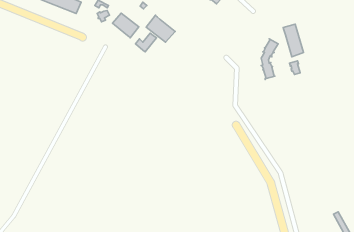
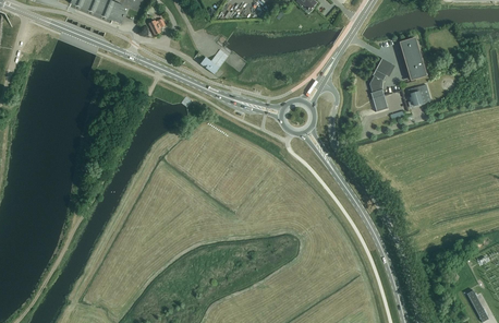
building: [112,13,139,38] -> none
building: [146,15,175,42] -> none

